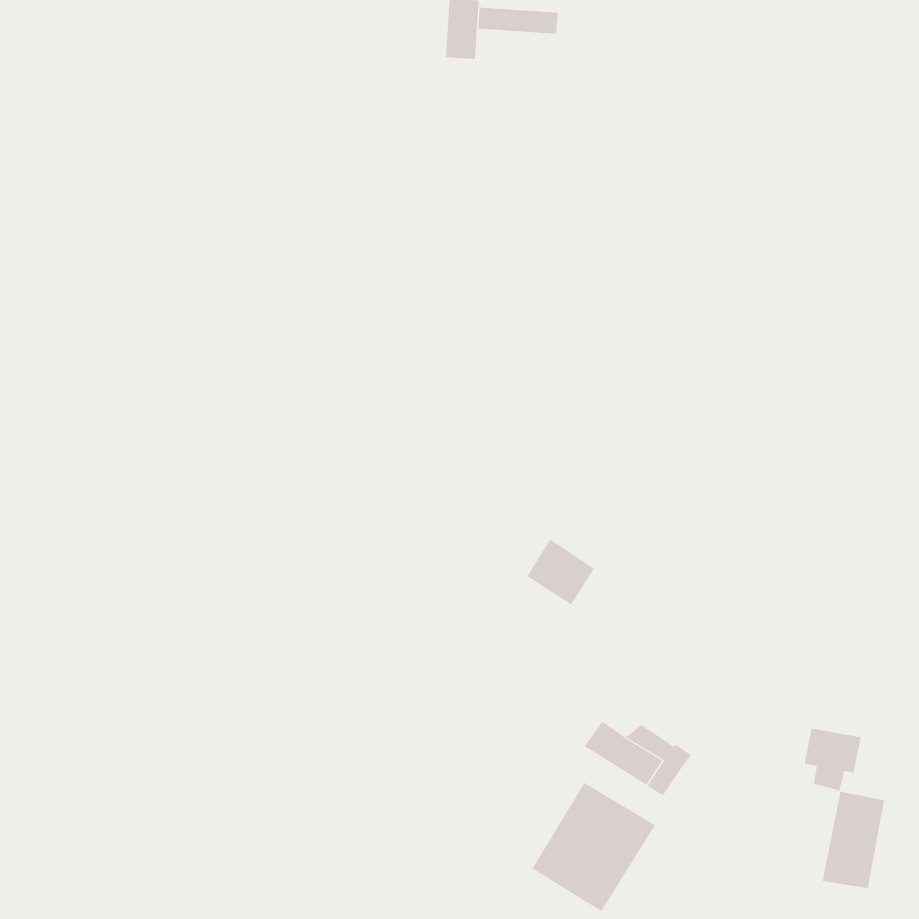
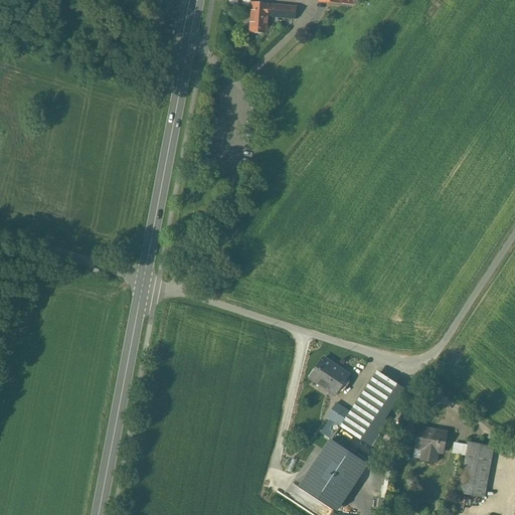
building: [526,538,595,605] -> [311,357,349,394]
building: none -> [359,372,398,416]
building: [804,728,861,791] -> [415,427,448,463]

